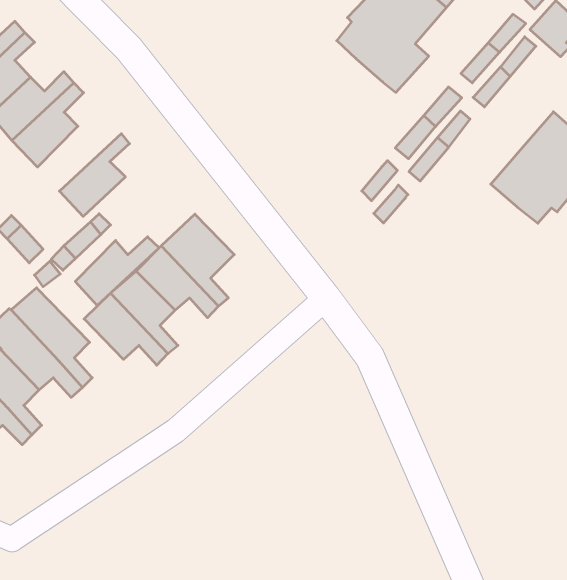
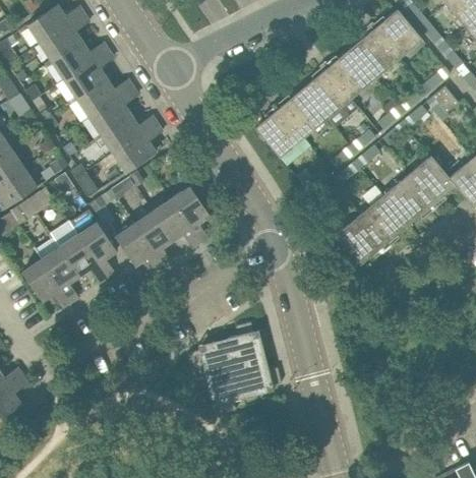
building: none -> [254,88,326,158]
building: none -> [335,194,409,264]
building: [75,237,159,305] -> [102,115,158,154]
building: none -> [190,322,281,414]

